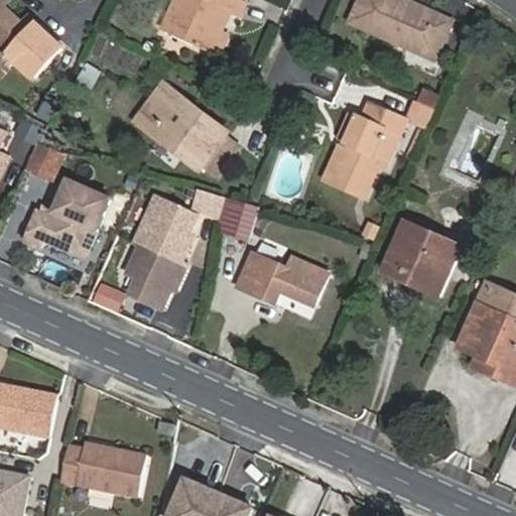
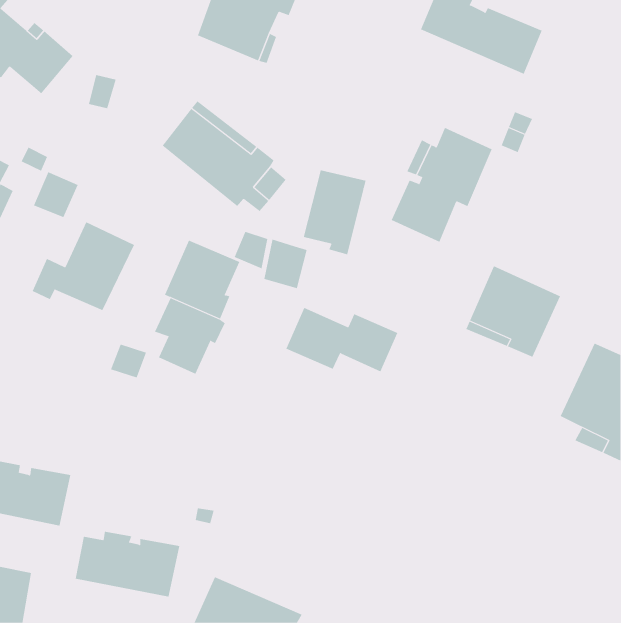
building: none -> [303,170,366,255]

